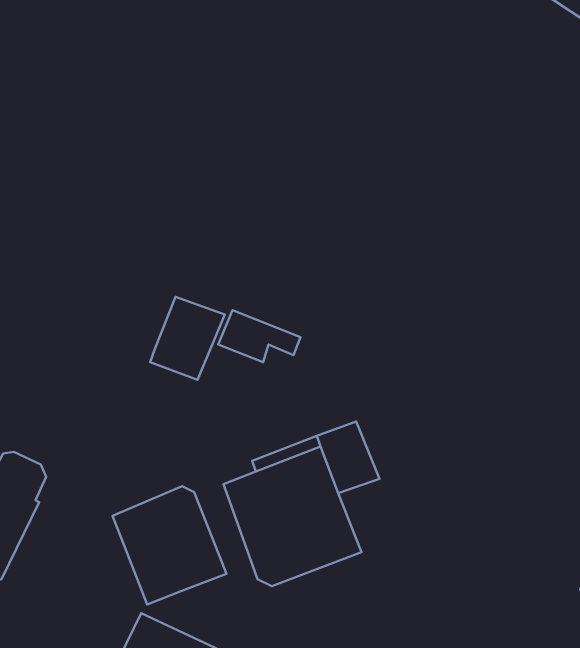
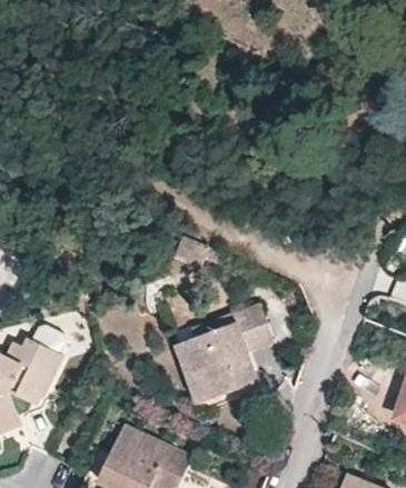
building: [150,297,225,380] -> none
building: [113,486,227,605] -> none

